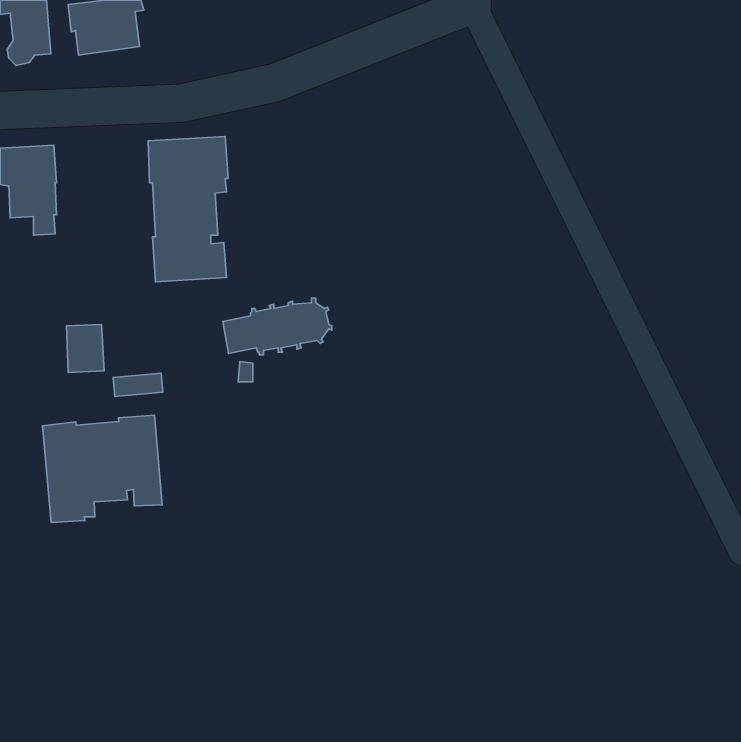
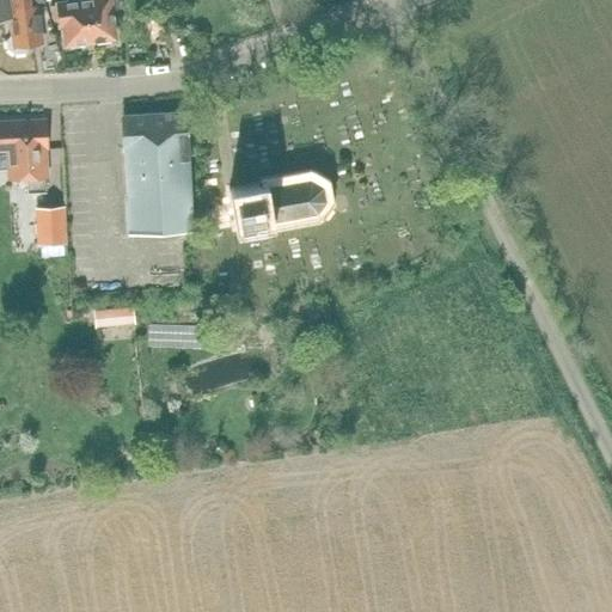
building: [223,298,332,355] -> [238,177,328,224]
building: [67,325,104,372] -> [36,206,67,245]
building: [42,415,162,523] -> none

